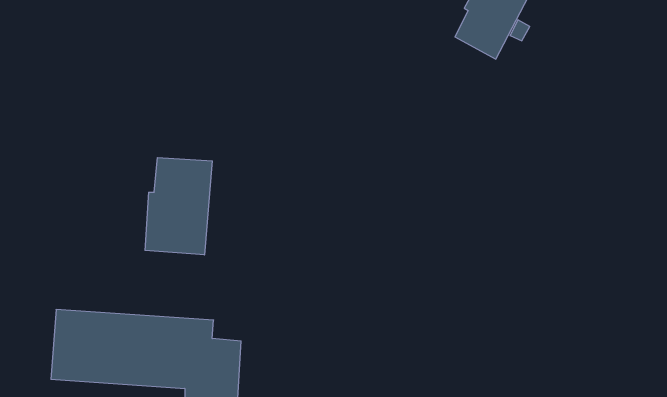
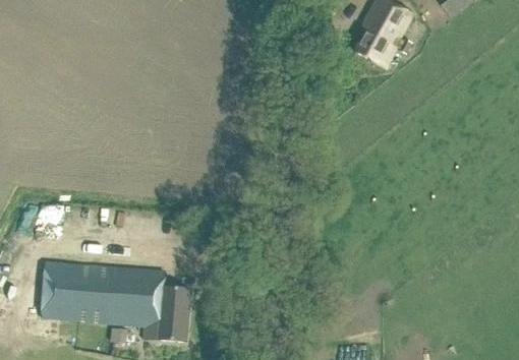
building: [145,158,212,255] -> none

